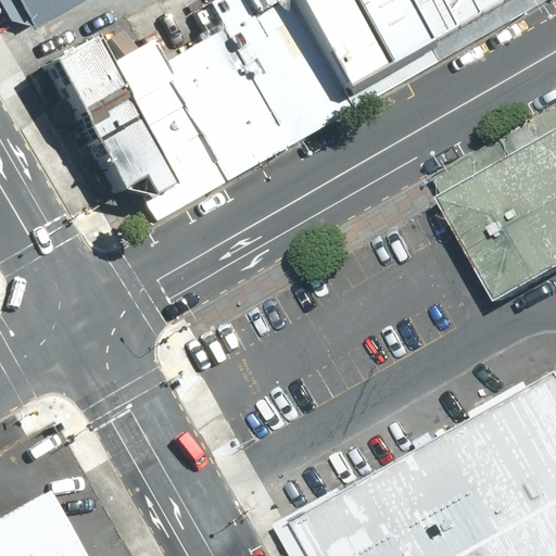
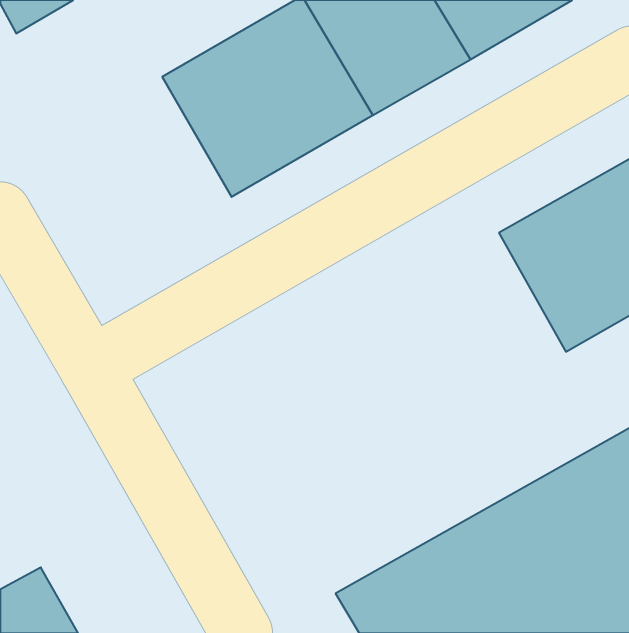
building: [36,24,206,222] -> none

